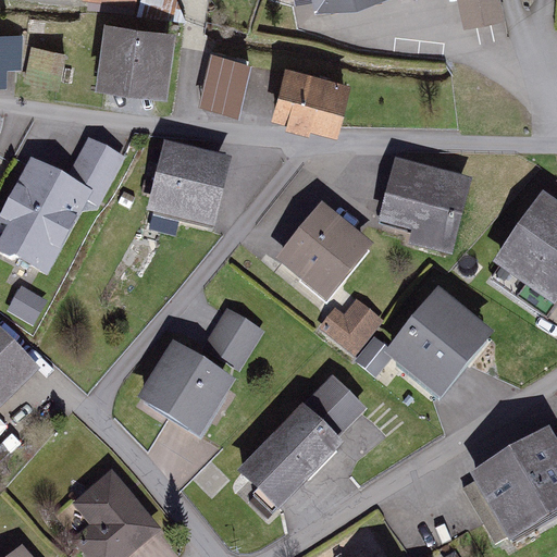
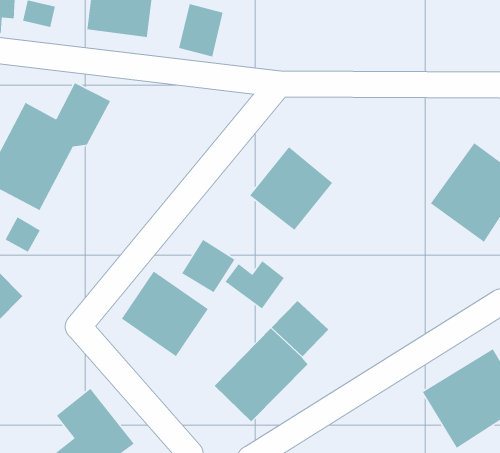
building: [261,67,338,129] -> none
building: [148,144,231,225] -> none
building: [382,156,473,248] -> none
building: [389,290,493,395] -> none
building: [312,306,379,360] -> [225,260,285,309]

